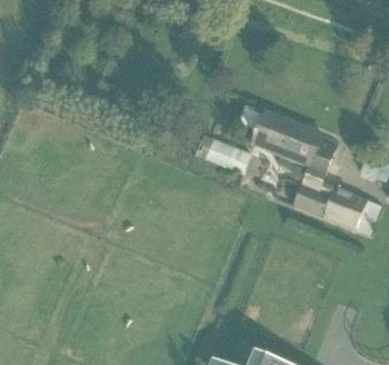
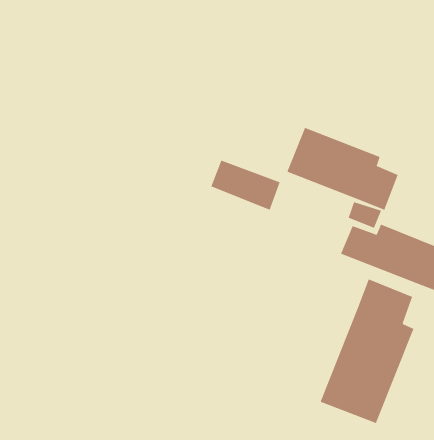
building: none -> [320,278,414,424]

